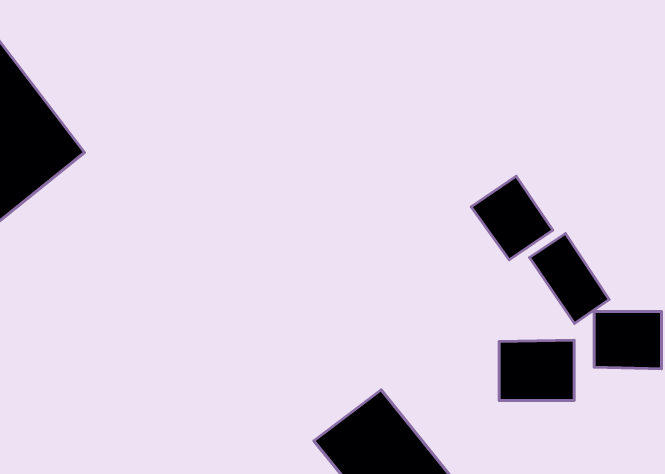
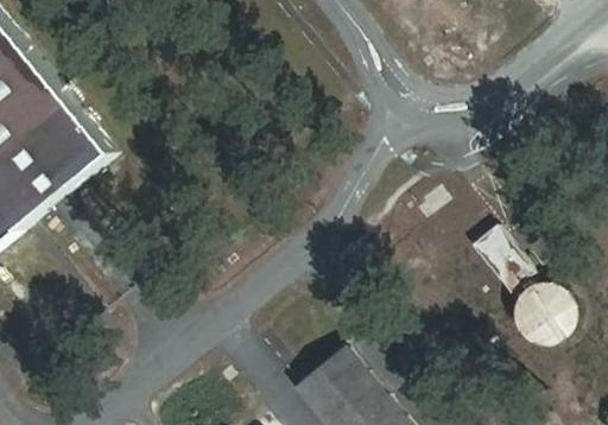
building: [471,176,553,260] -> none
building: [499,340,574,400] -> none

